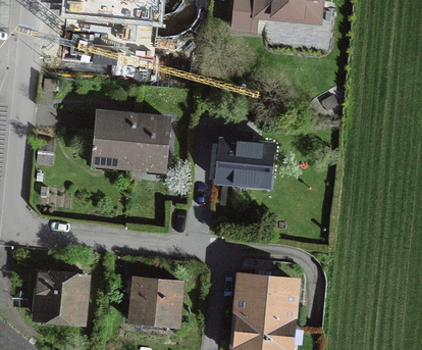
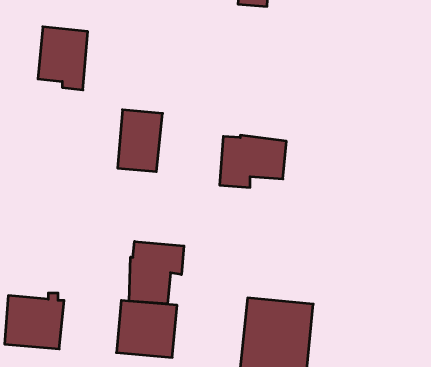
building: [93,113,135,166] -> [38,27,88,90]
building: none -> [129,241,184,304]

